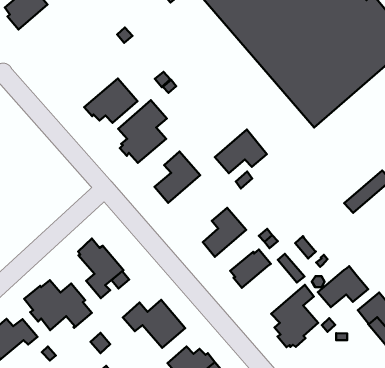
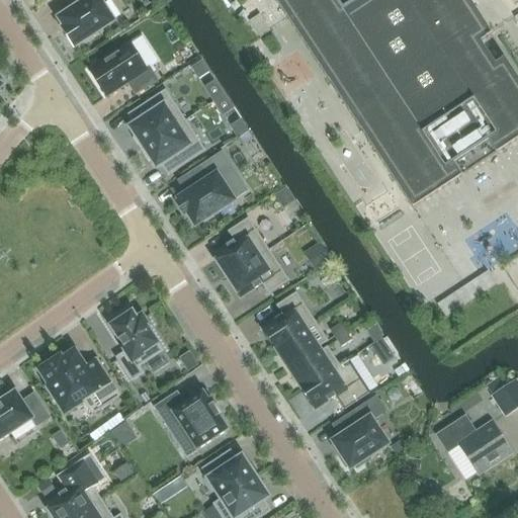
building: none -> [89,40,158,94]
building: none -> [130,86,185,147]
building: [215,130,267,173] -> [227,246,289,295]
building: none -> [274,319,329,365]
building: [318,266,368,307] -> [301,361,362,408]

